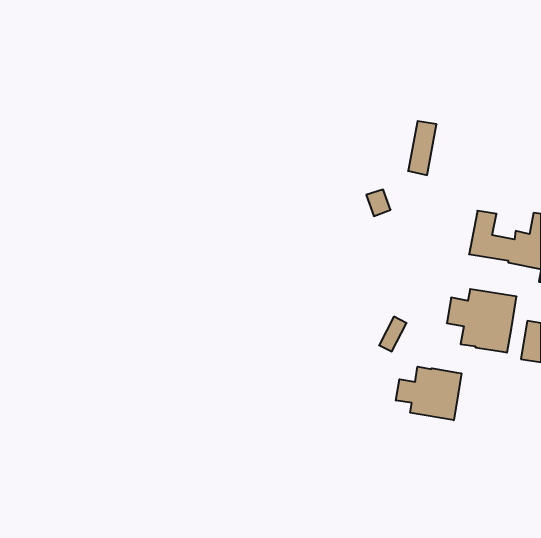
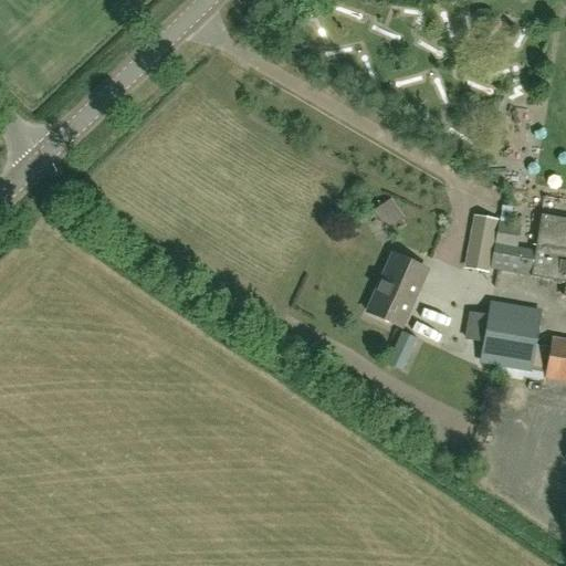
building: [408,121,437,175] -> [468,213,497,270]
building: none -> [367,253,426,325]
building: [396,367,461,420] -> none

